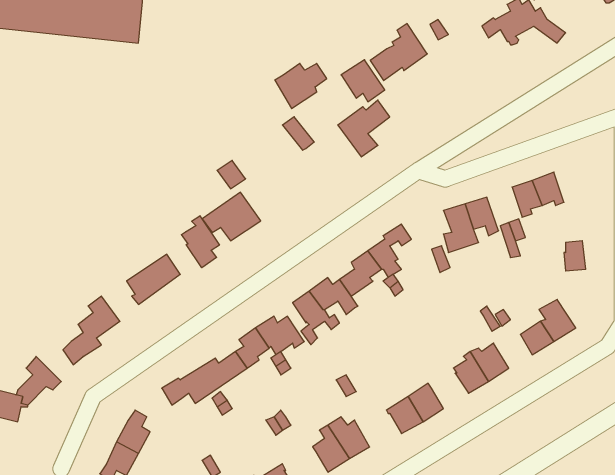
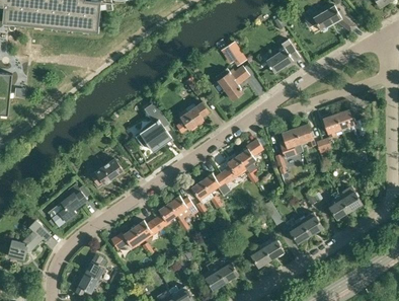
building: [370,24,427,81] -> [265,39,300,73]
building: [275,63,327,109] -> [177,102,209,130]
building: [181,216,219,268] -> none

